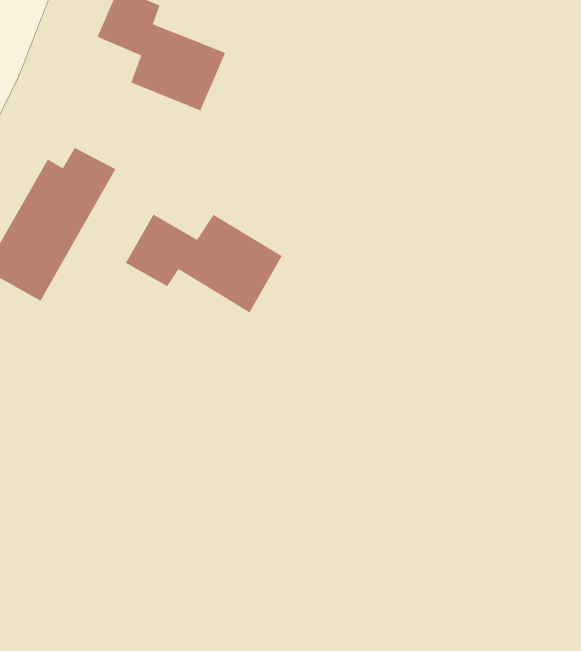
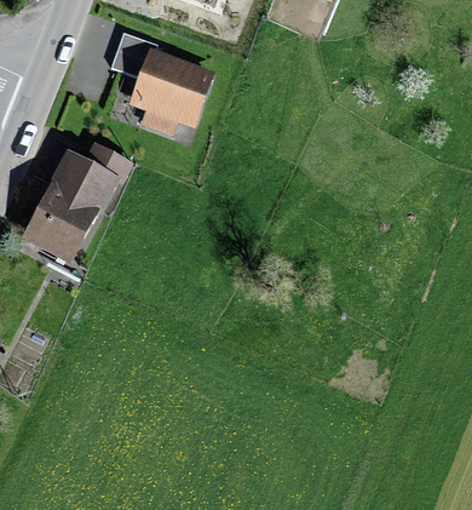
building: [125,213,283,313] -> none

